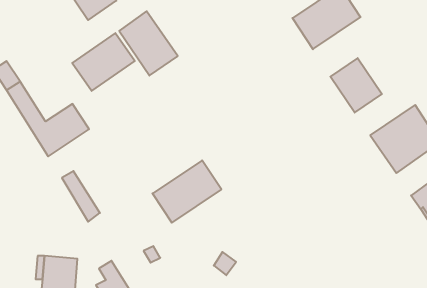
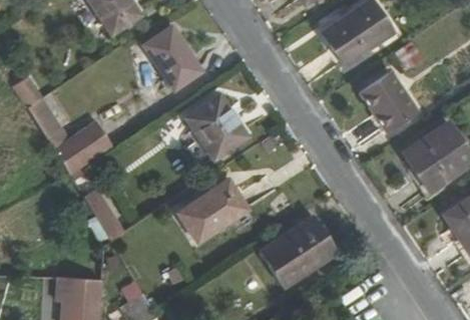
building: [72,33,135,91] -> none
building: none -> [185,95,247,158]
building: none -> [260,216,337,286]

